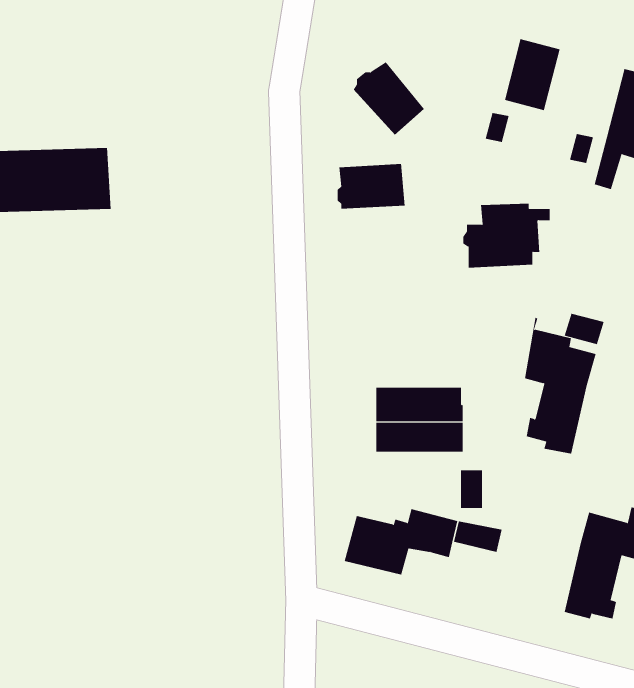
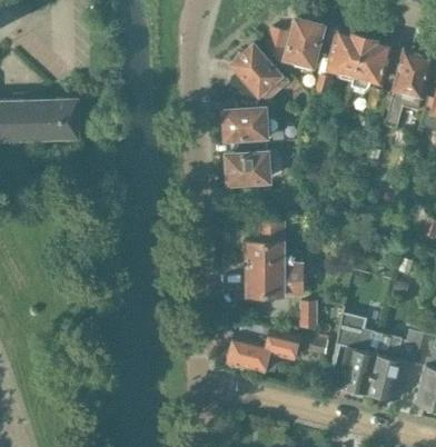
building: none -> [266,21,323,69]
building: none -> [351,39,390,91]
building: [463,203,551,268] -> [224,142,279,183]
building: [524,317,596,454] -> [336,308,382,395]
building: none -> [247,222,283,252]

